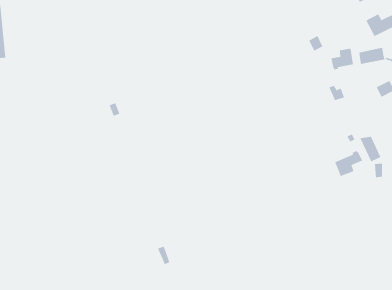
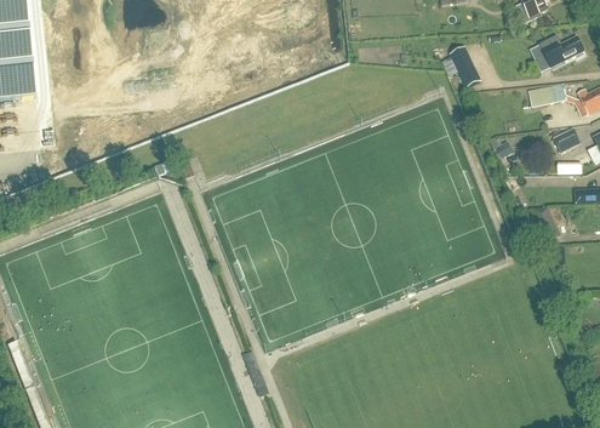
building: [331,48,354,70] -> none
building: [335,150,363,177] -> none

